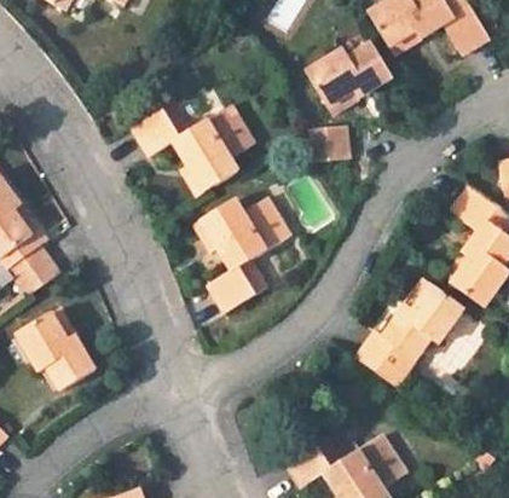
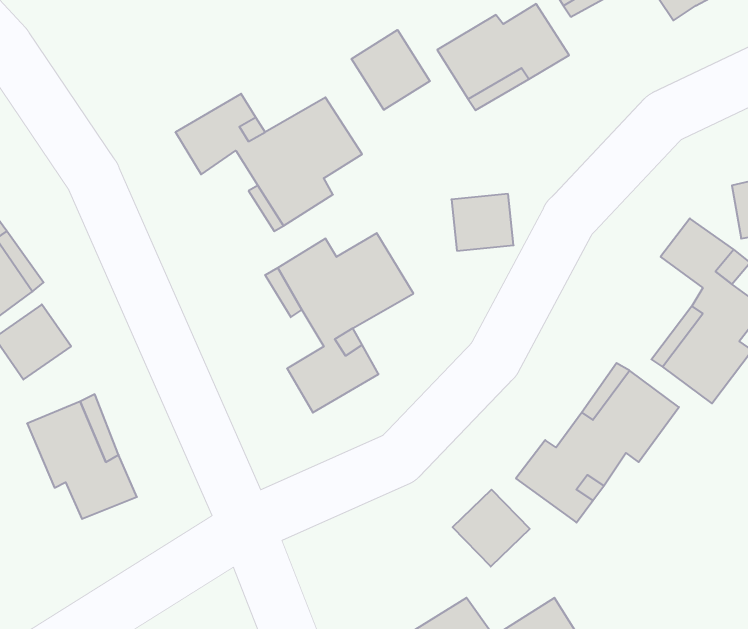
building: none -> [352,30,430,110]
building: [306,123,347,161] -> [451,194,514,251]
building: none -> [453,490,530,567]

